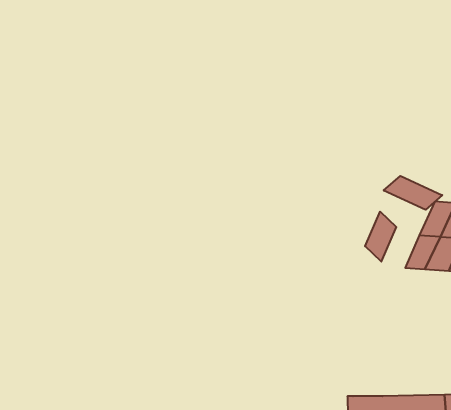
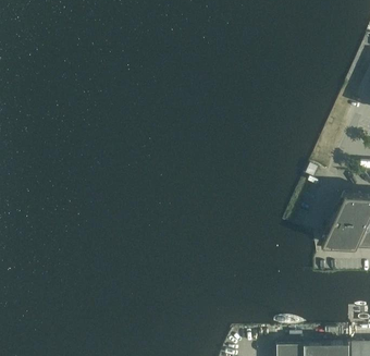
building: [384,176,442,210] -> none
building: [365,212,396,262] -> none

